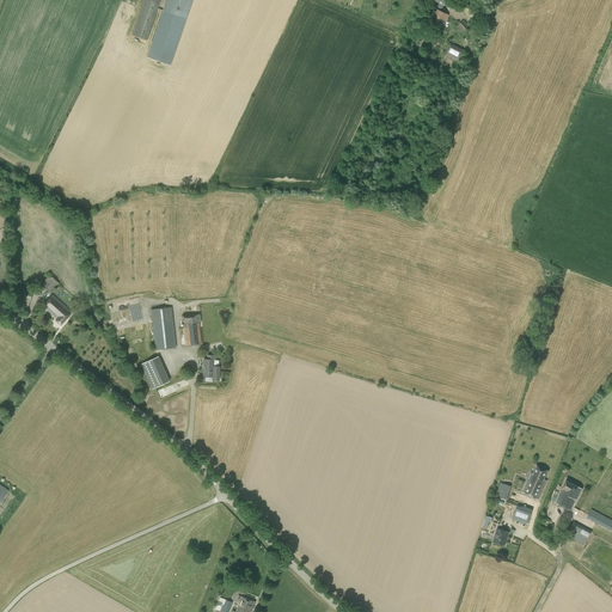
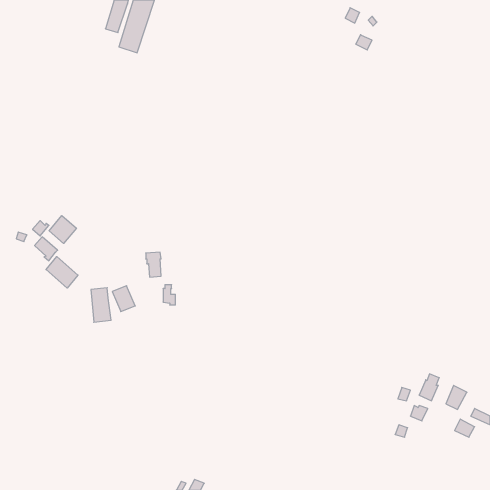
building: none -> [49,216,76,243]
building: [151,307,176,350] -> [91,288,111,322]
building: none -> [46,257,78,288]

